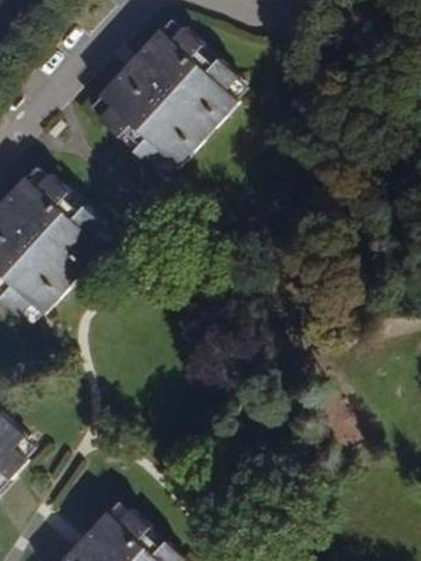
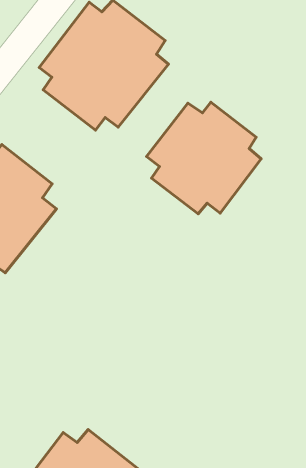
building: none -> [147,102,261,214]

